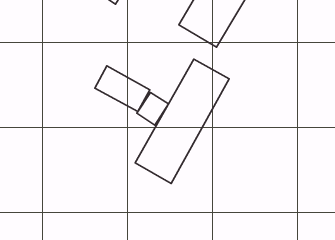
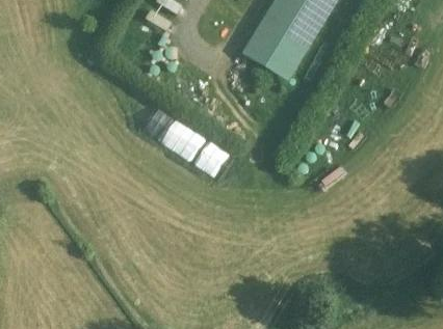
building: [135,59,229,183] -> none

